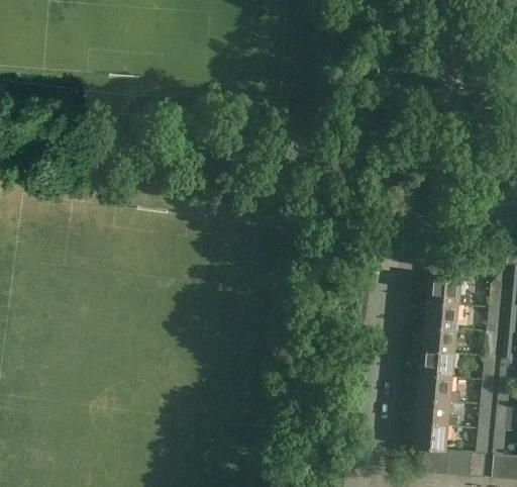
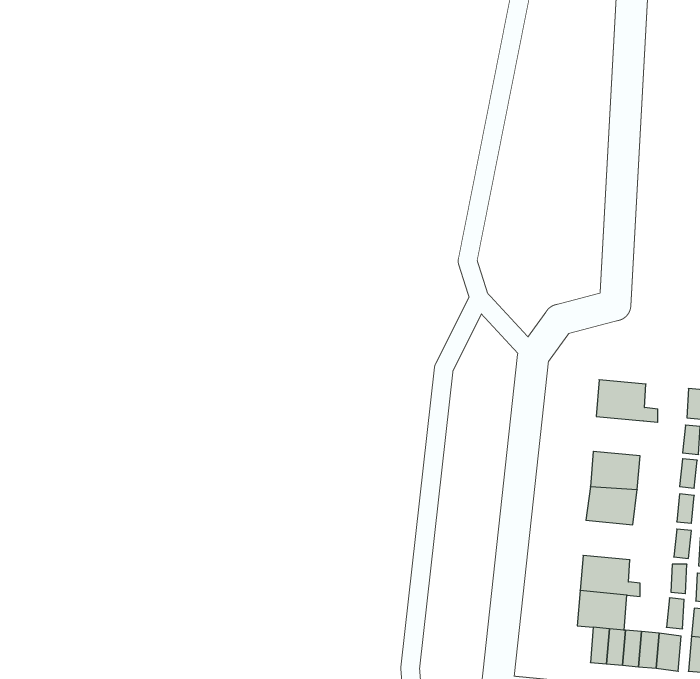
building: [425,301,459,328] -> none
building: [418,373,460,401] -> none

